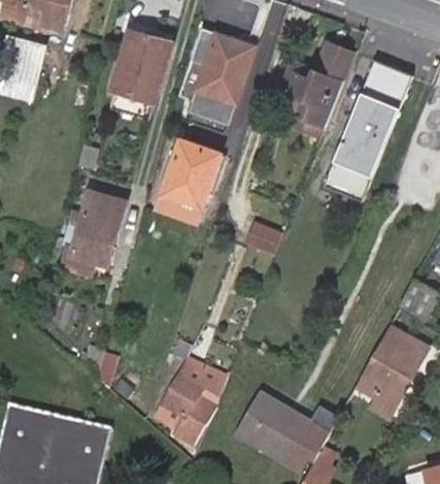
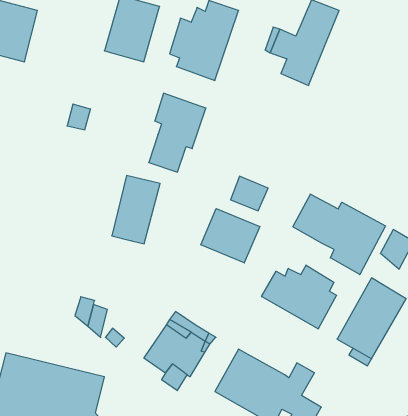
building: [321,62,411,202] -> none
building: [74,192,125,263] -> [112,176,160,244]
building: none -> [293,194,386,275]
building: none -> [201,209,260,263]
building: none -> [262,265,337,329]

